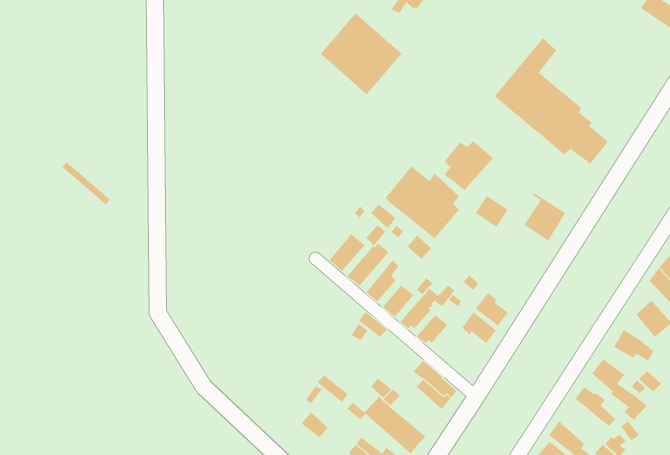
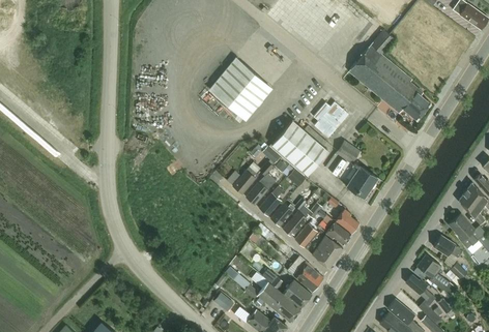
building: [320,12,402,95] -> [212,61,270,119]
building: [524,192,566,241] -> [347,163,377,198]
building: none -> [312,236,344,269]
building: none -> [283,279,312,308]

